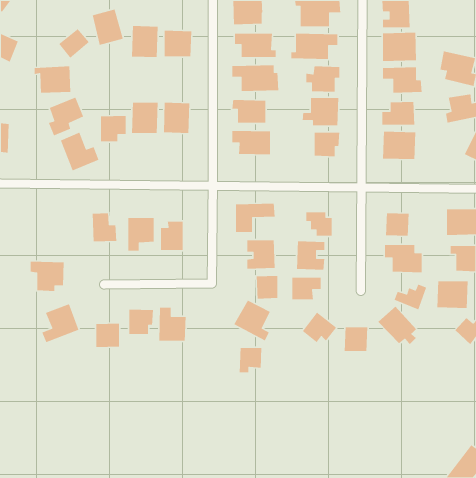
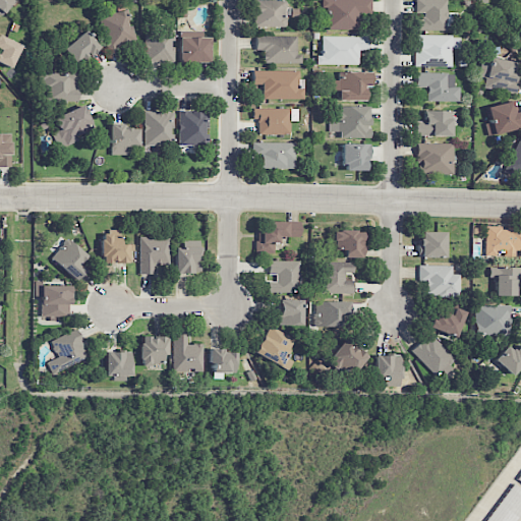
building: [60,132,100,171] -> none
building: none -> [53,238,89,281]
building: [239,347,262,373] -> [213,350,238,379]

